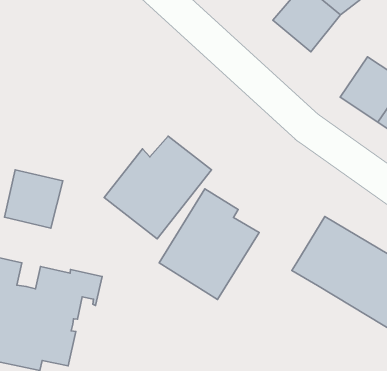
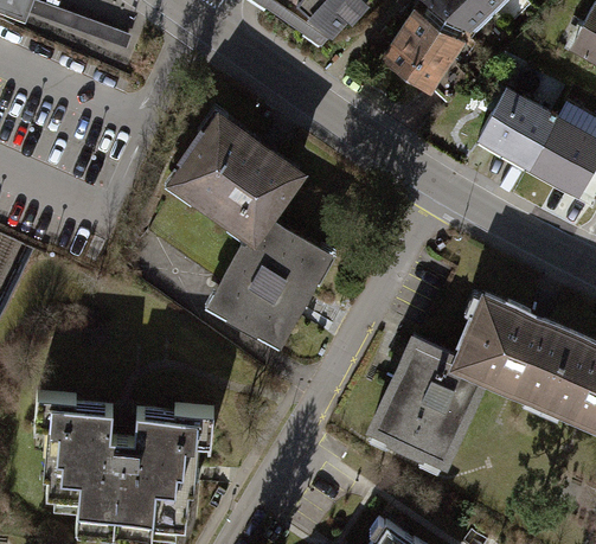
building: none -> [158,105,308,250]
building: [5,170,63,228] -> none
building: [159,189,259,299] -> [365,337,483,472]

